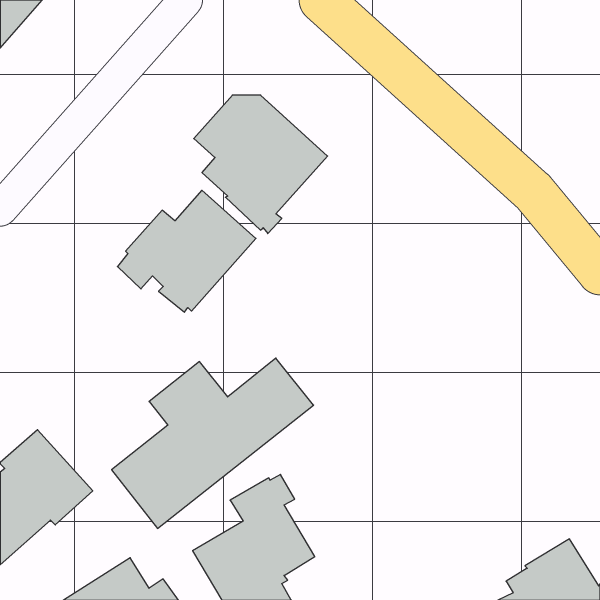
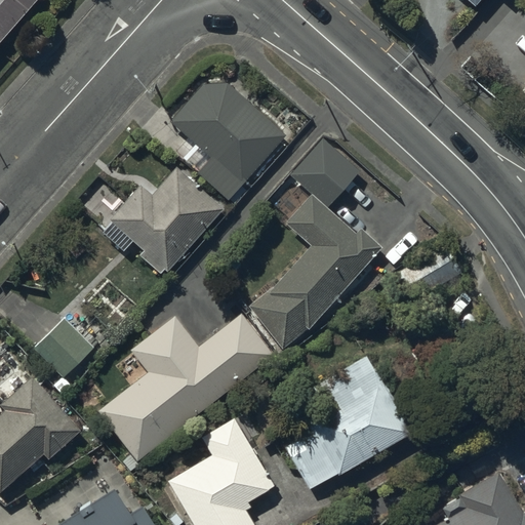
building: none -> [248,138,381,348]
building: none -> [33,317,95,377]
building: none -> [285,355,416,489]

